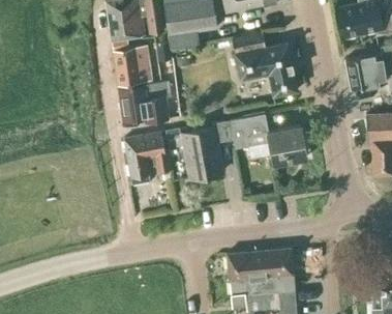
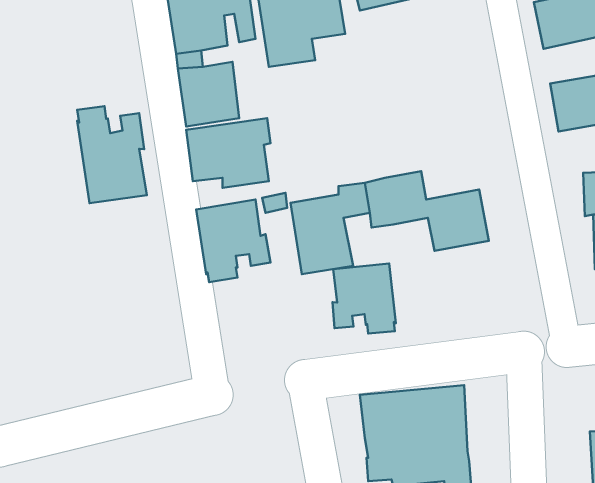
building: [232,33,298,97] -> none
building: none -> [77,106,147,203]
building: none -> [332,264,396,333]

